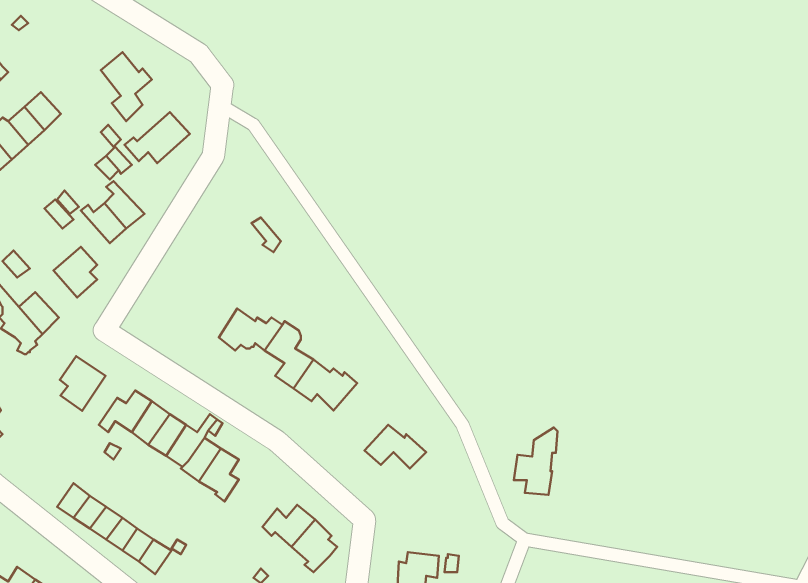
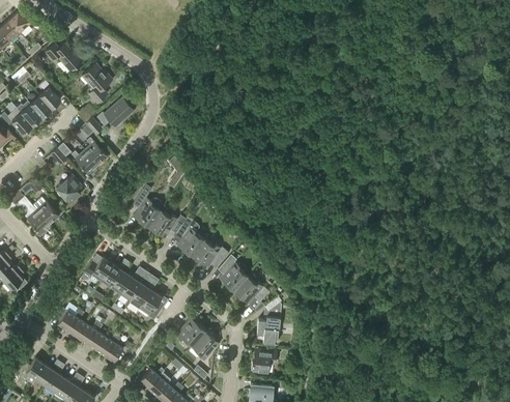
building: none -> [46,44,82,71]
building: none -> [134,190,162,227]
building: [60,356,105,411] -> none
building: none -> [218,255,247,291]
building: [514,428,558,495] -> [256,304,281,342]

